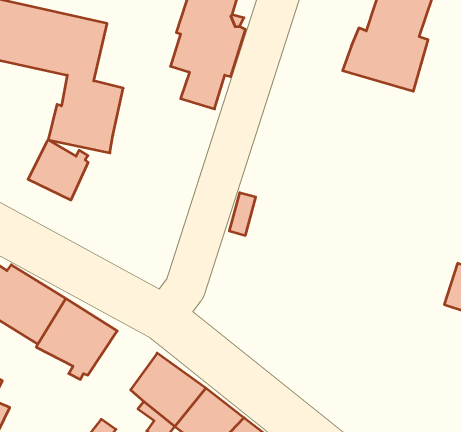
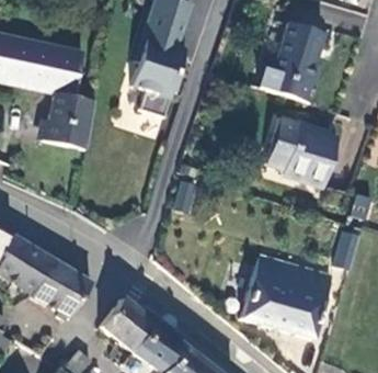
building: none -> [267,116,337,183]
building: [28,140,88,200] -> none
building: none -> [241,253,331,338]

